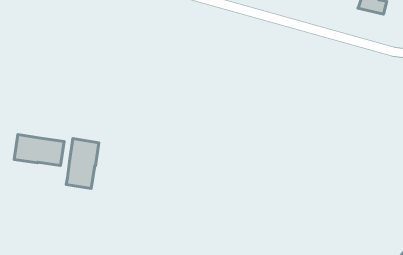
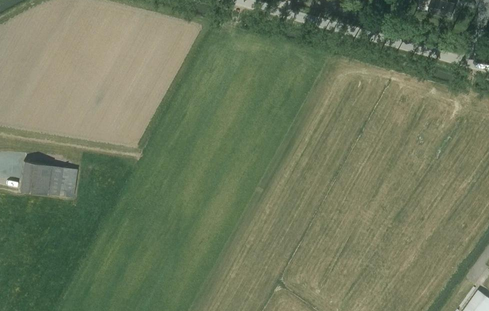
building: [66,139,99,188] -> none

